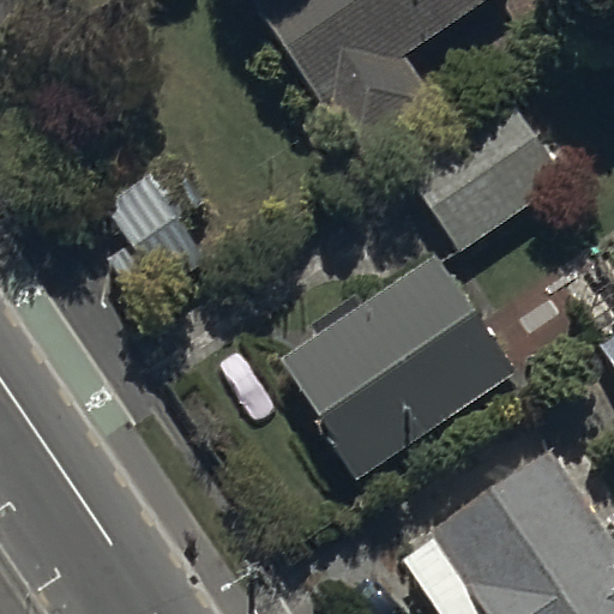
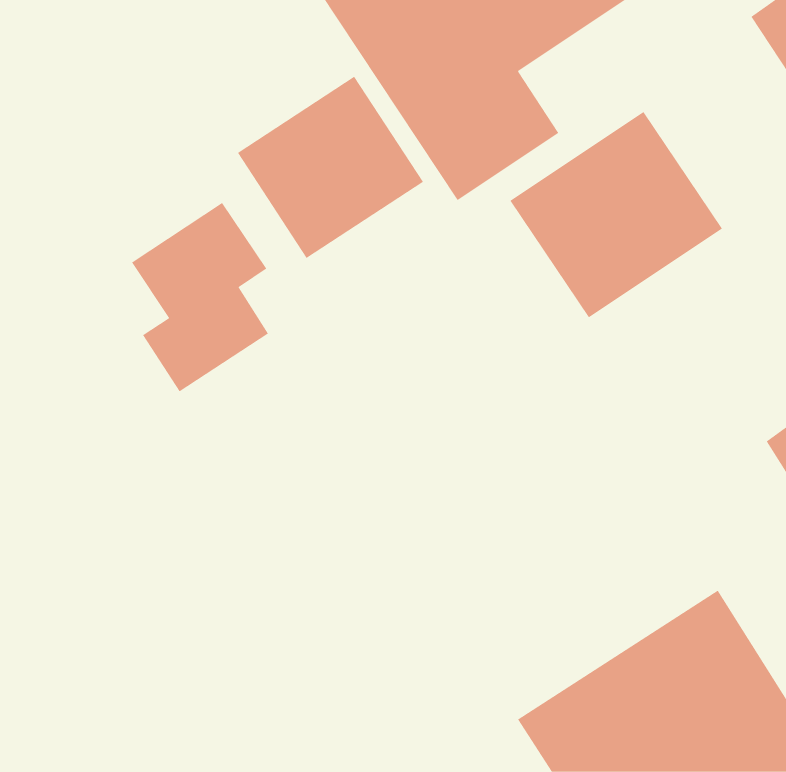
building: none -> [237,76,424,259]
building: [282,257,514,476] -> none

